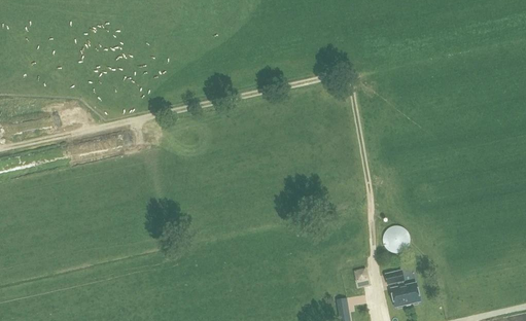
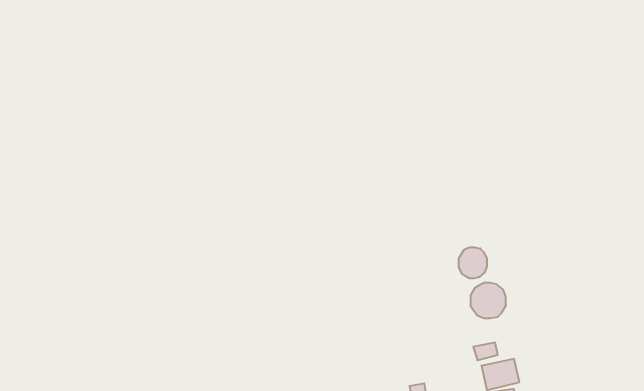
building: none -> [459,247,487,278]

